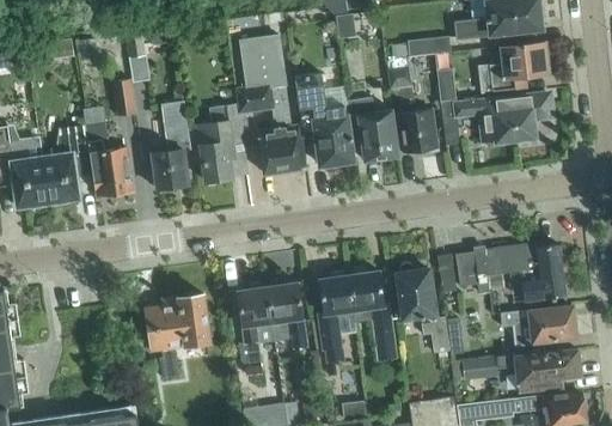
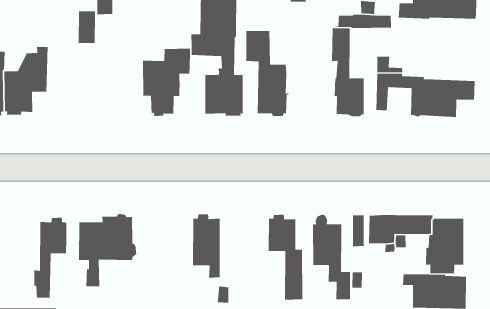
building: [478,42,546,92] -> none
building: [345,98,398,160] -> none
building: [152,101,189,191] -> none
building: [84,106,131,197] -> none
building: [317,272,356,363] -> none
building: [237,282,274,375] -> [33,217,67,299]

